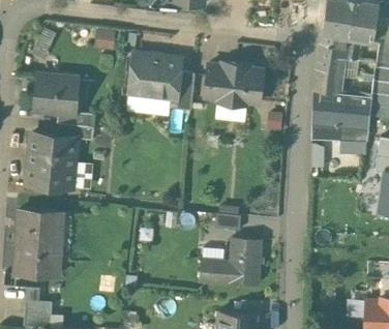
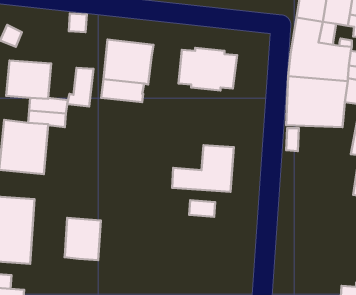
building: [169,71,194,110] -> [67,68,93,106]
building: none -> [65,218,101,260]
building: [201,237,262,283] -> [172,145,234,192]

